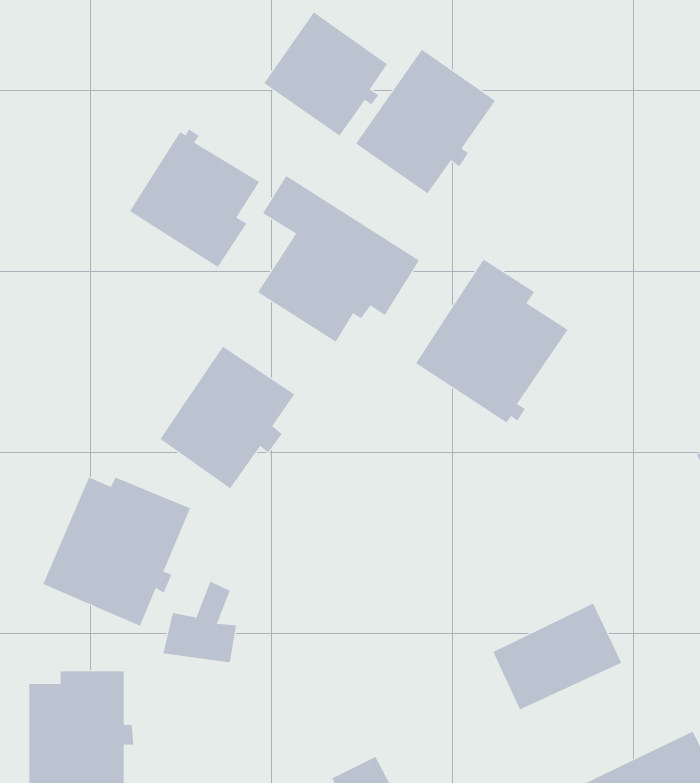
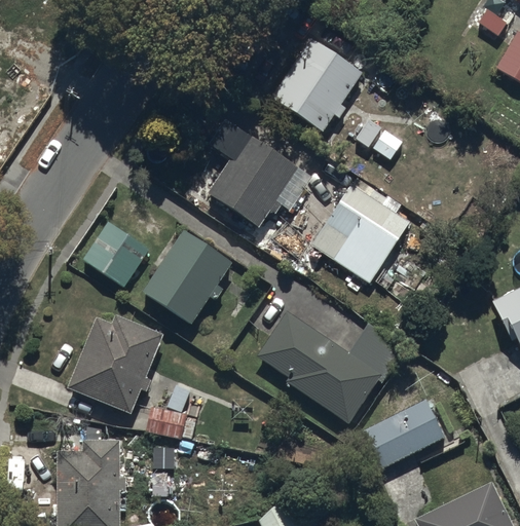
building: [263,12,388,137] -> none
building: [129,129,260,268] -> none
building: none -> [83,221,148,286]
building: none -> [251,311,404,425]

